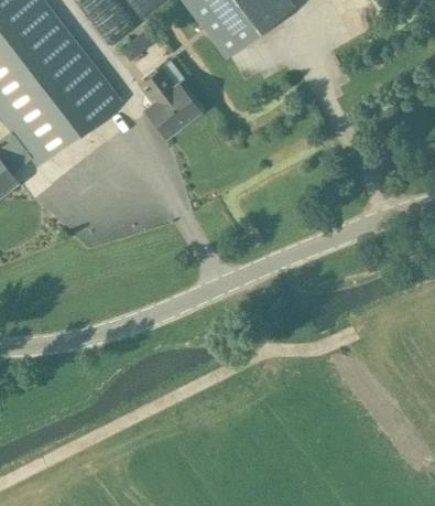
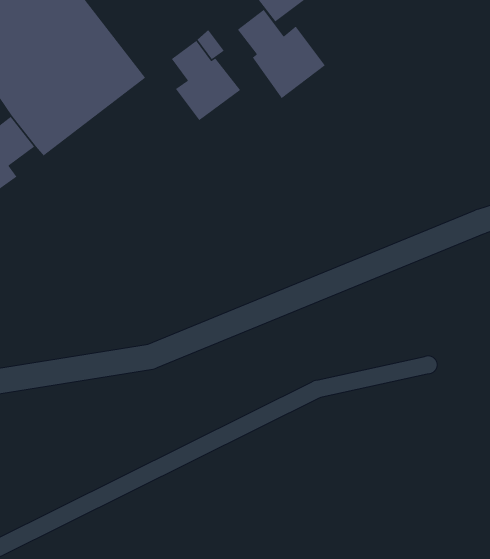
building: none -> [237,9,326,99]

